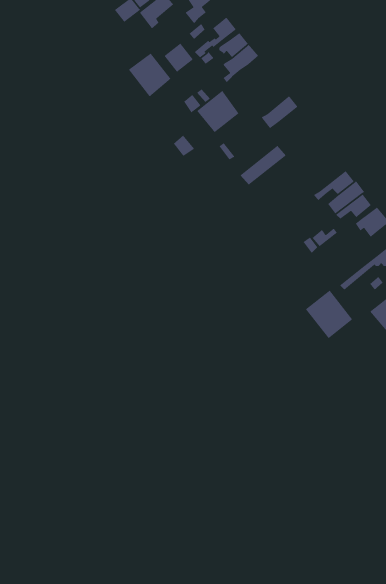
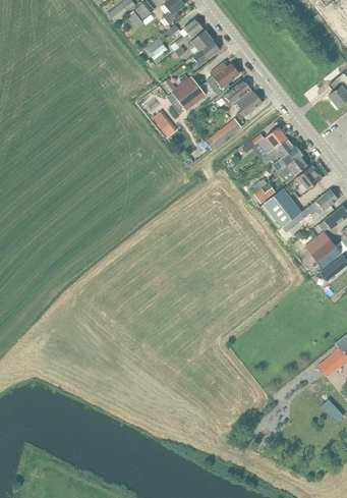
building: [128,52,172,98] -> none
building: none -> [206,62,239,95]
building: none -> [235,89,262,118]
building: none -> [241,127,286,154]
building: [305,289,353,339] -> [264,188,301,227]

